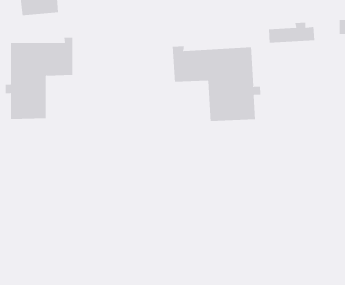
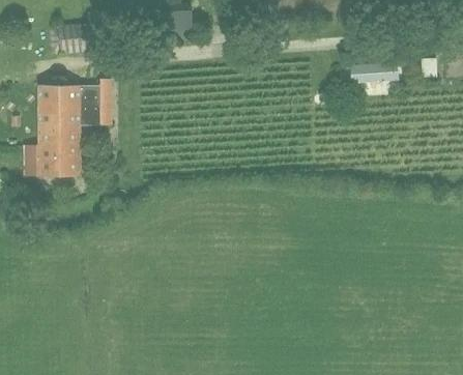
building: [172,45,261,122] -> none

